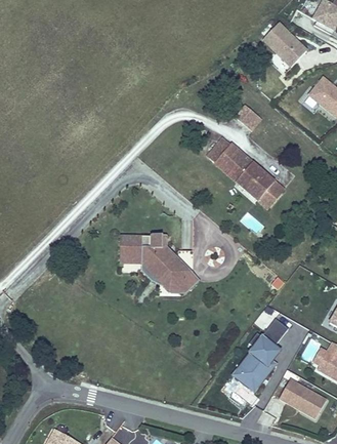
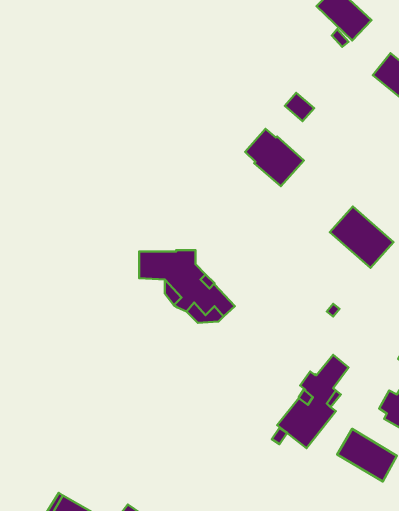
building: [235,162,286,211] -> [330,207,394,268]

